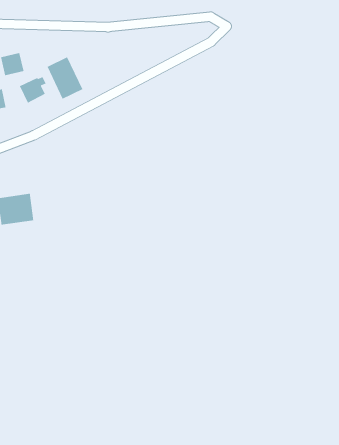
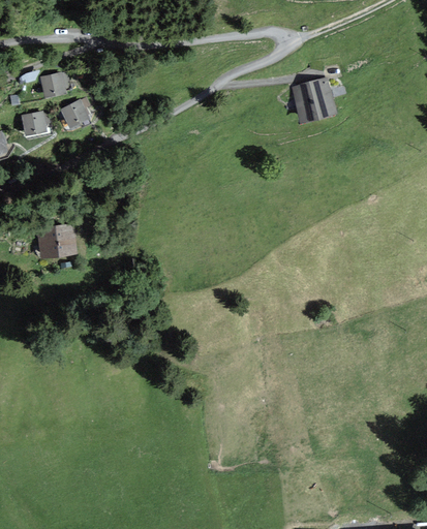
building: [46,56,83,100] -> none
building: none -> [293,80,336,123]

